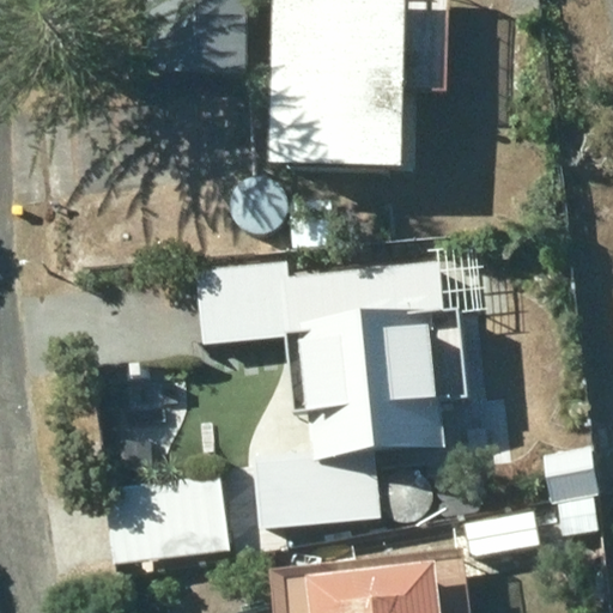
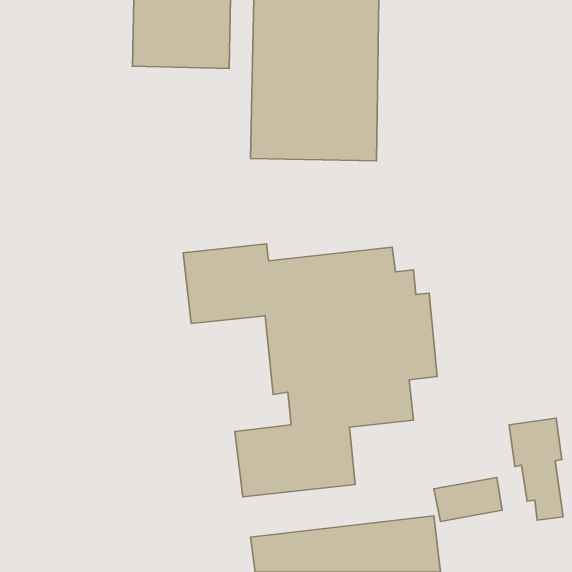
building: [105,475,229,563] -> none

